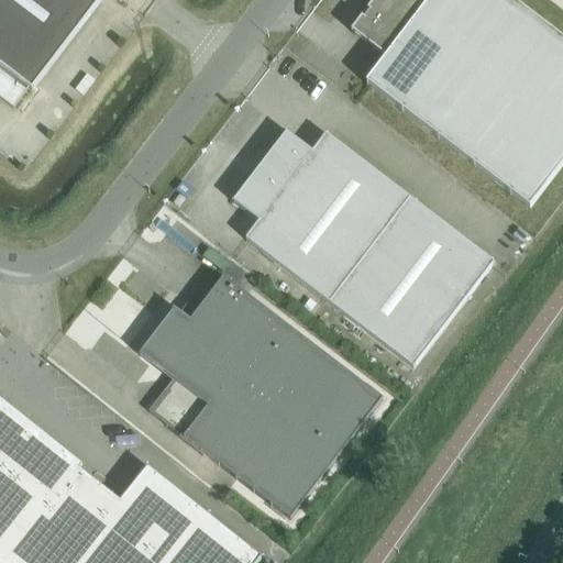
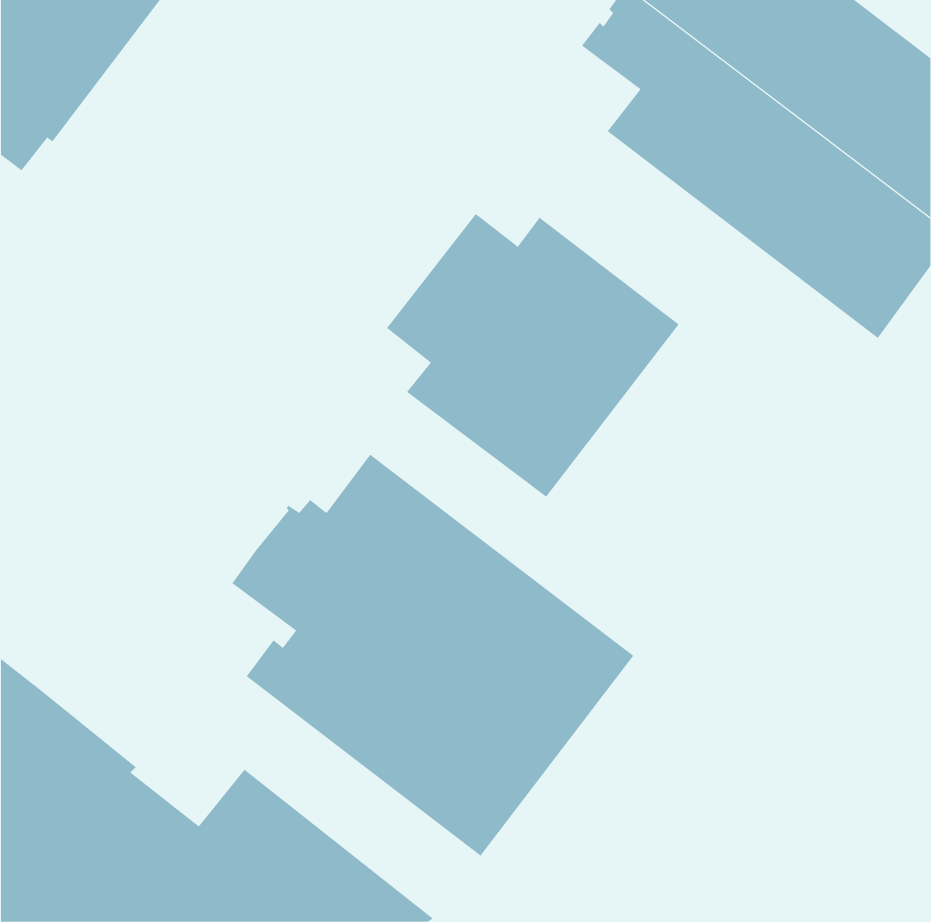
building: [330,196,494,365] -> none

